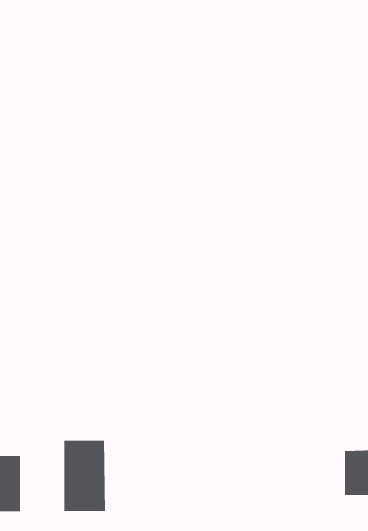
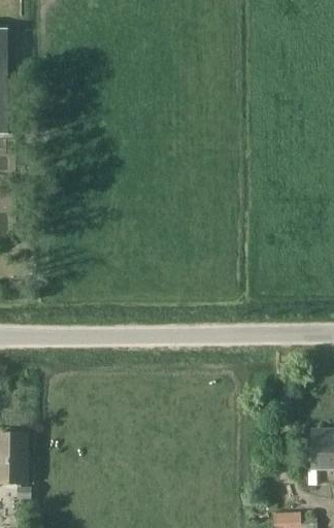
building: [64,440,106,512] -> none

